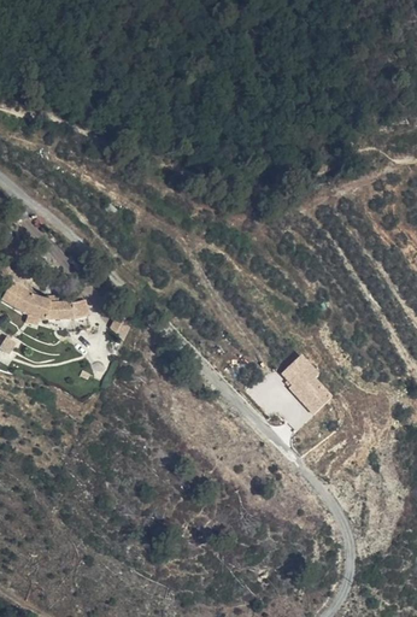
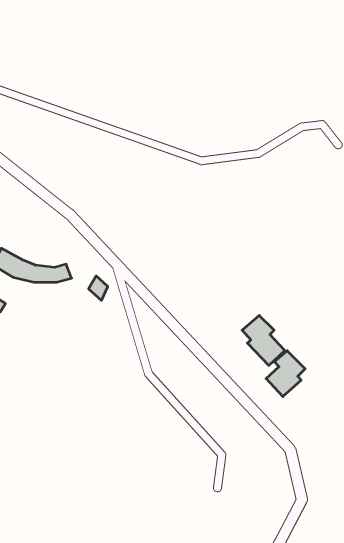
building: none -> [266,351,305,397]

